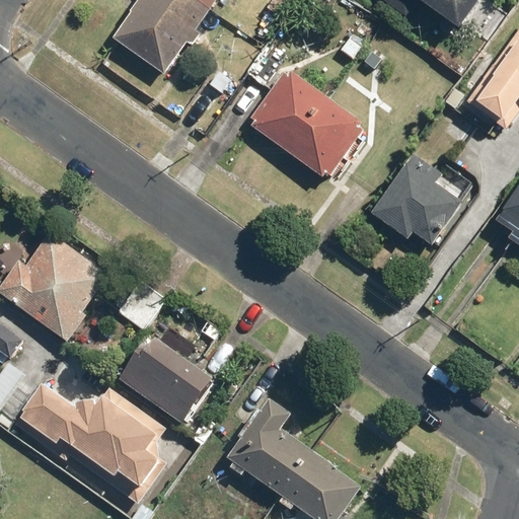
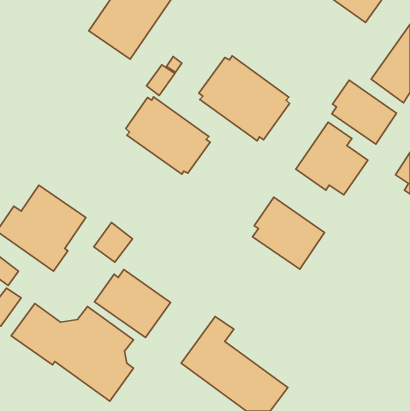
building: none -> [332,80,396,144]
building: none -> [126,97,210,174]
building: none -> [253,197,325,269]

